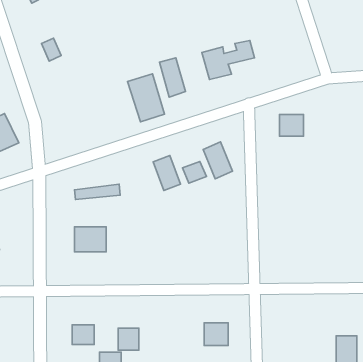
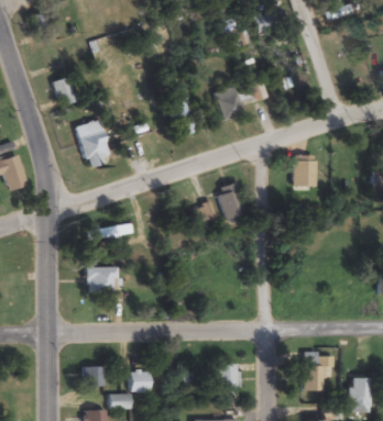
building: [127,74,164,122] -> [74,119,111,167]
building: [153,155,181,190] -> none
building: none -> [303,352,333,390]

